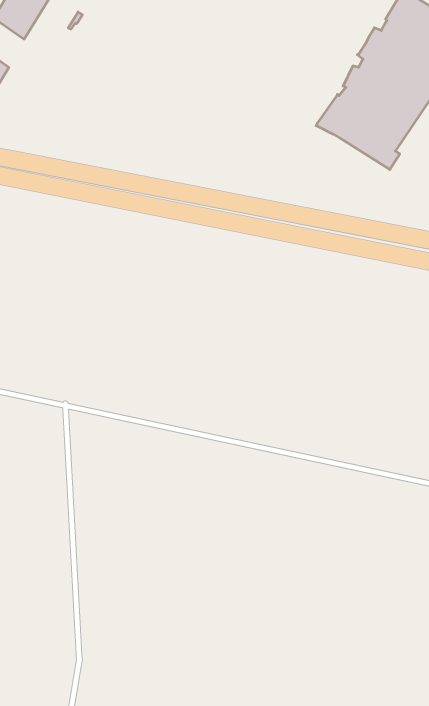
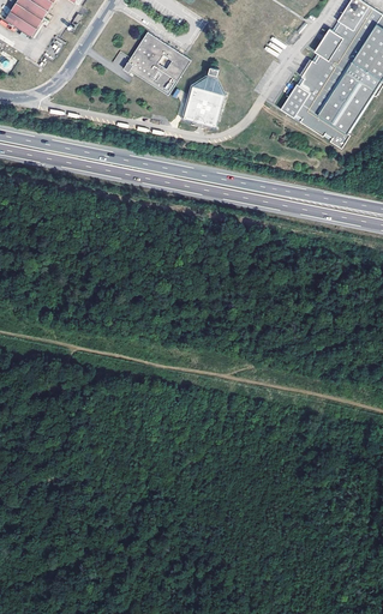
building: none -> [121,30,191,96]
building: none -> [181,65,226,127]

